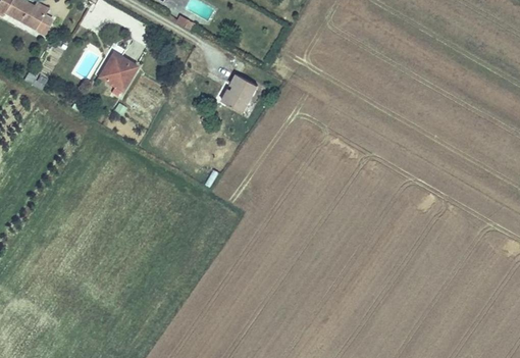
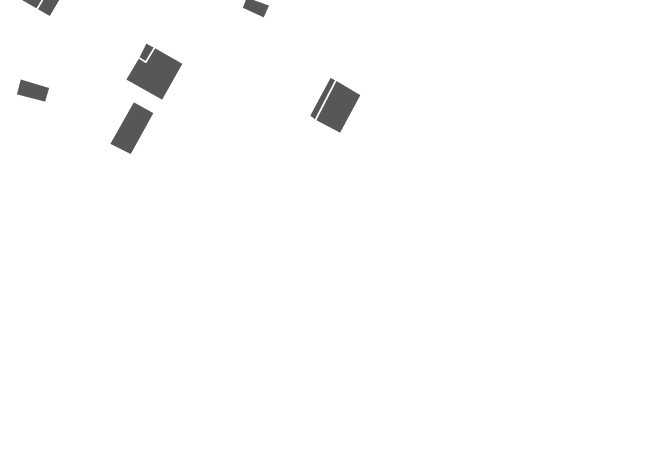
building: none -> [109,101,154,155]

